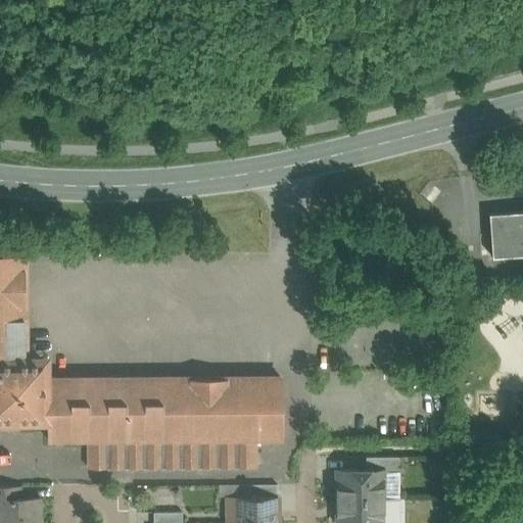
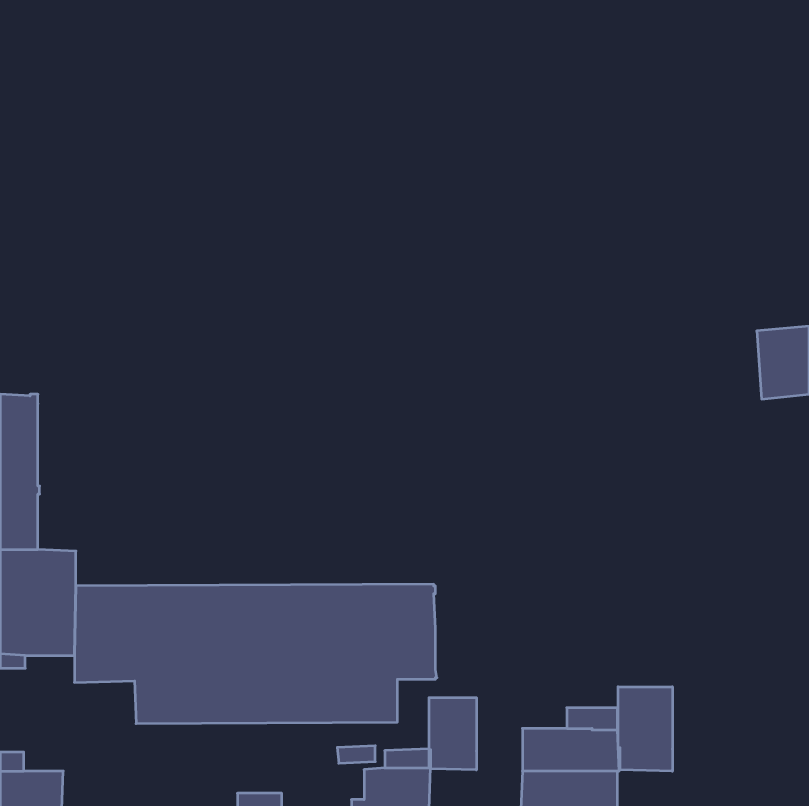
building: none -> [618,687,672,771]
building: none -> [429,698,476,770]

